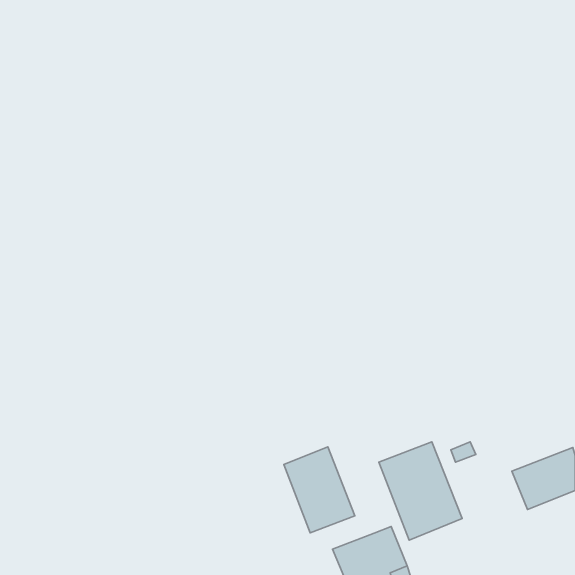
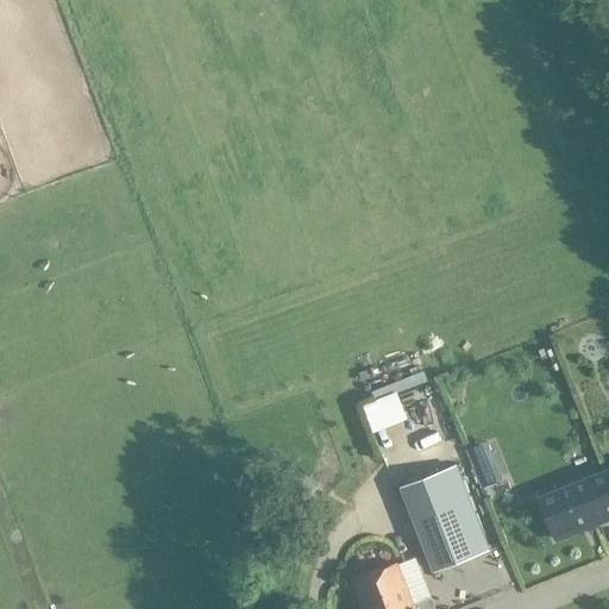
building: [284,447,355,533] -> none

